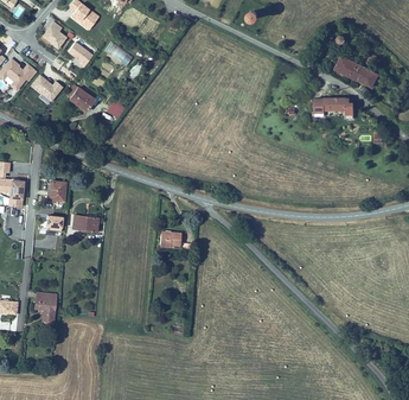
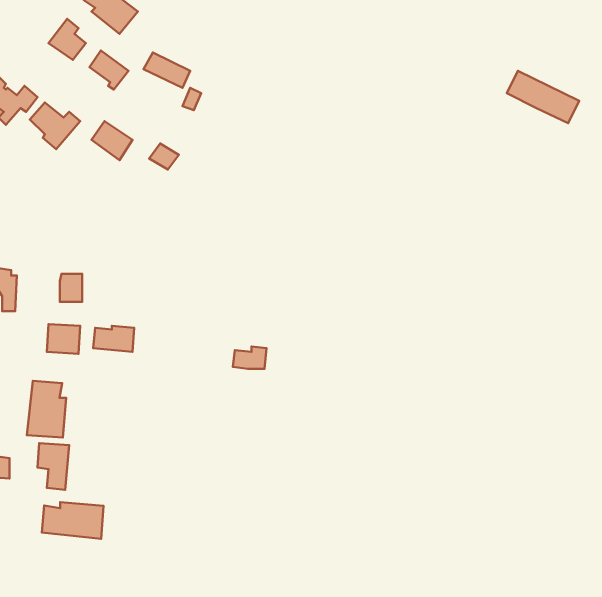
building: [315,97,353,118] -> none
building: none -> [27,381,66,437]
building: none -> [42,502,103,539]

